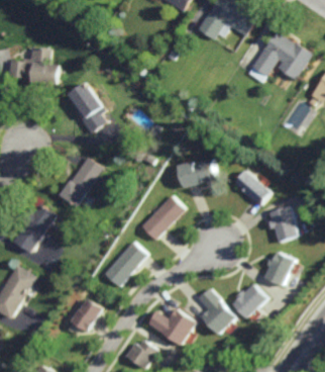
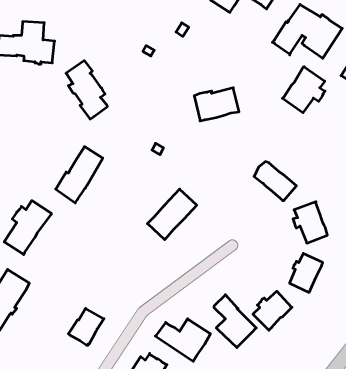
building: none -> [282,67,325,113]
building: [177,159,216,188] -> [194,88,239,121]
building: [103,242,146,287] -> none

